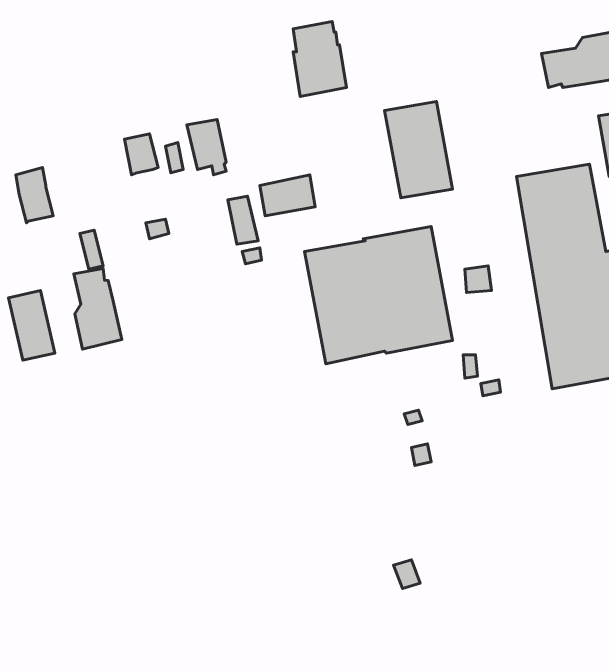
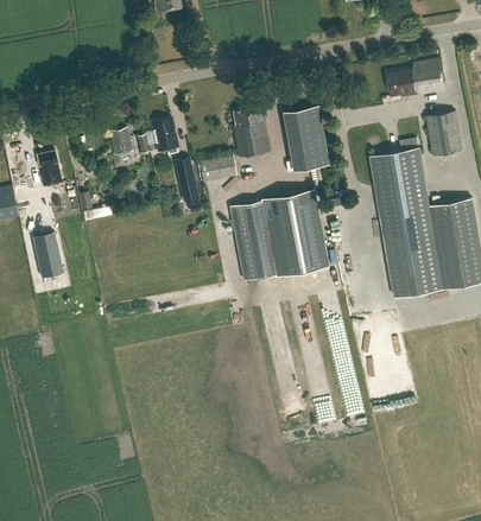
building: [293,22,346,96] -> [233,106,268,155]
building: [74,269,122,349] -> none

